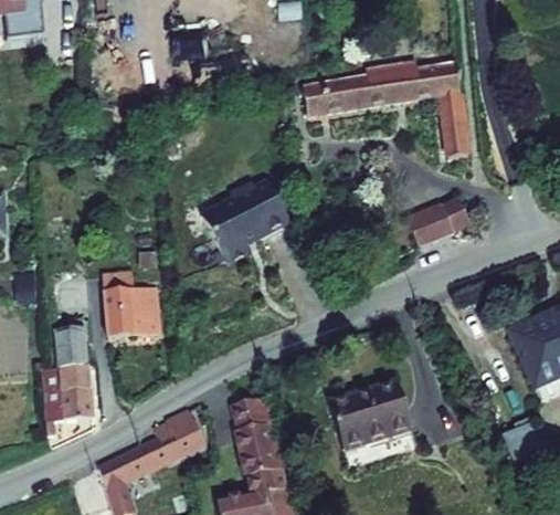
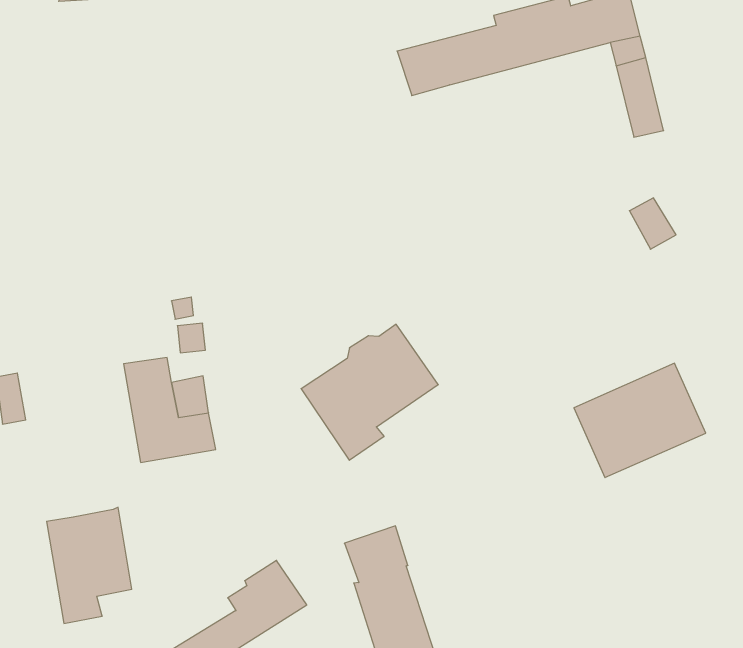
building: [201,179,290,264] -> [301,324,438,460]
building: [406,203,453,246] -> none
building: [56,327,86,367] -> none
building: [328,380,412,450] -> [574,363,706,478]

